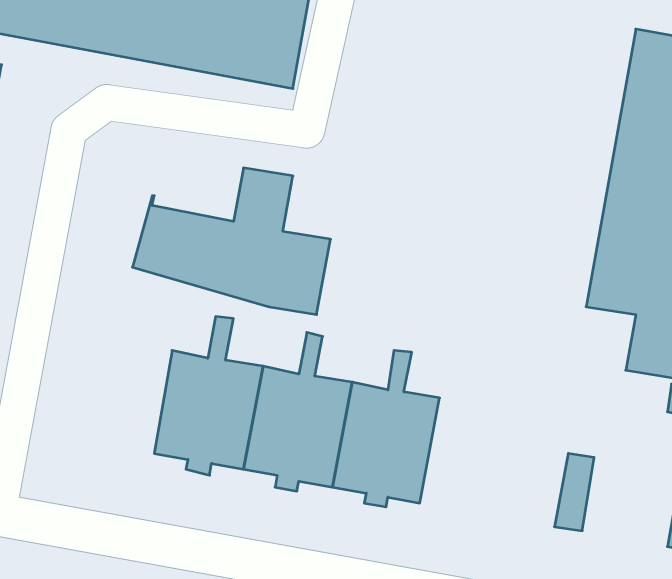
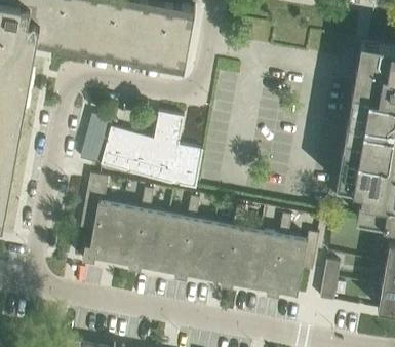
building: none -> [79,115,111,165]
building: none -> [79,175,120,263]
building: none -> [248,215,318,298]

